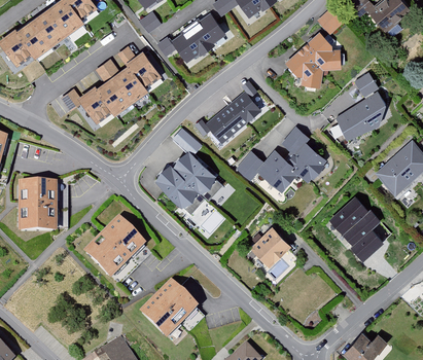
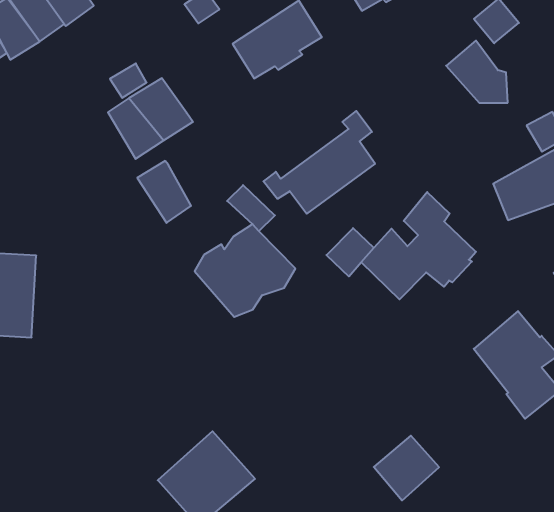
building: [285,47,324,87] -> none
building: [128,49,162,85] -> none
building: [78,85,112,123] -> [137,161,191,223]
building: [84,215,146,280] -> none
building: [250,227,290,267] -> [374,436,439,500]

